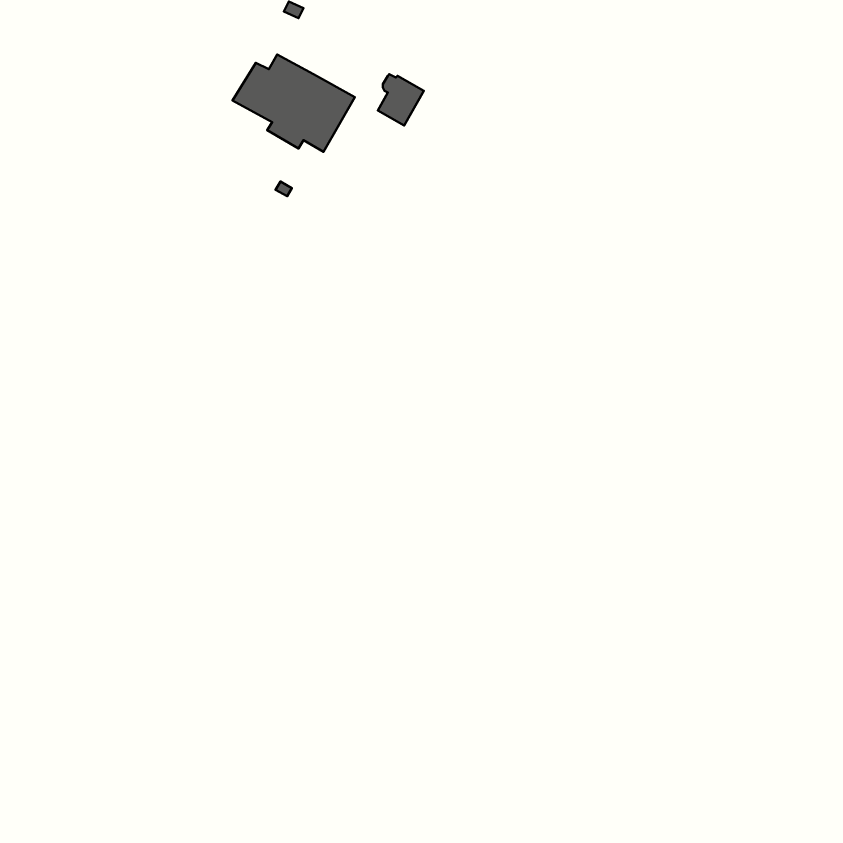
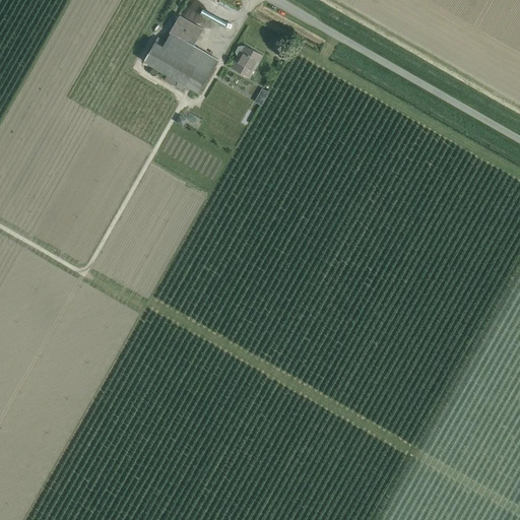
building: none -> [170,15,203,46]

